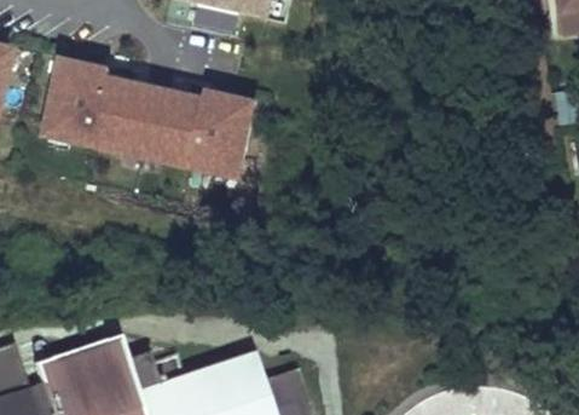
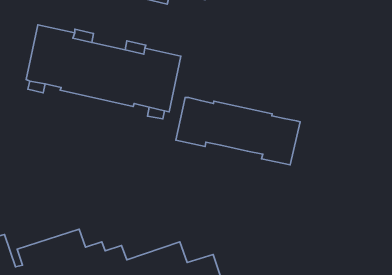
building: none -> [176,97,300,165]

